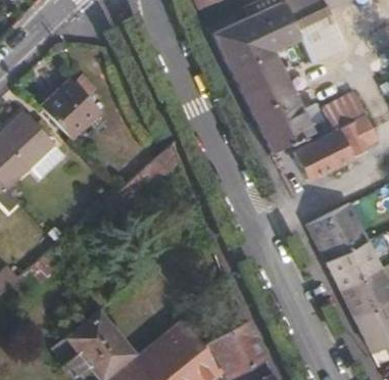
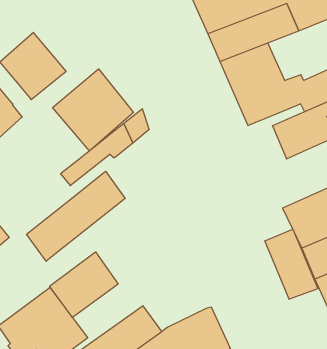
building: none -> [53,69,133,150]
building: none -> [27,171,125,261]
building: none -> [265,229,318,299]
building: none -> [50,252,118,317]

